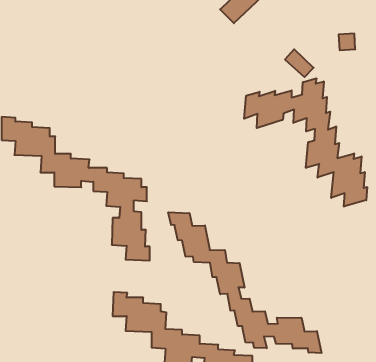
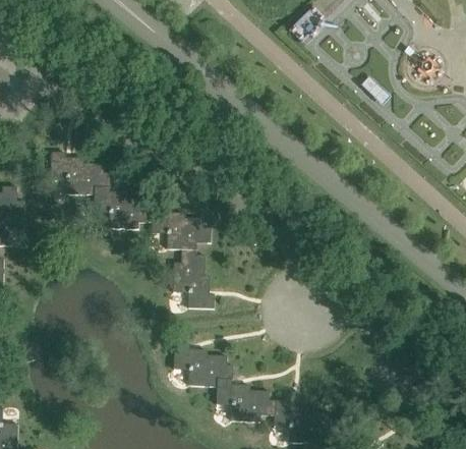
building: [244,78,367,207] -> none
building: [168,212,321,353] -> none

